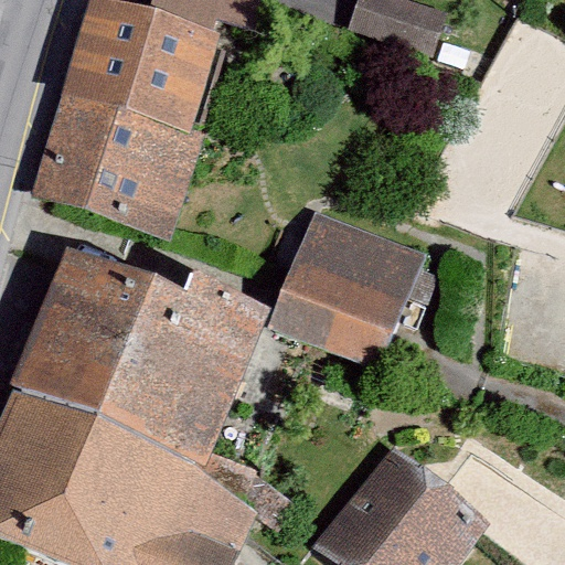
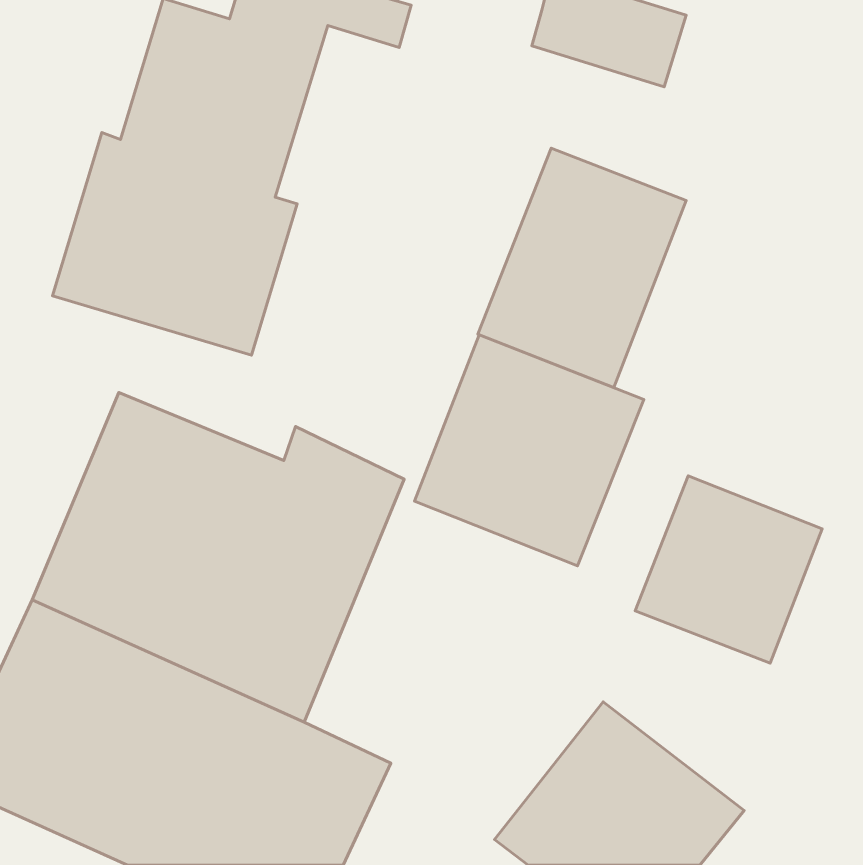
building: none -> [478,148,686,388]
building: none -> [635,476,822,663]

